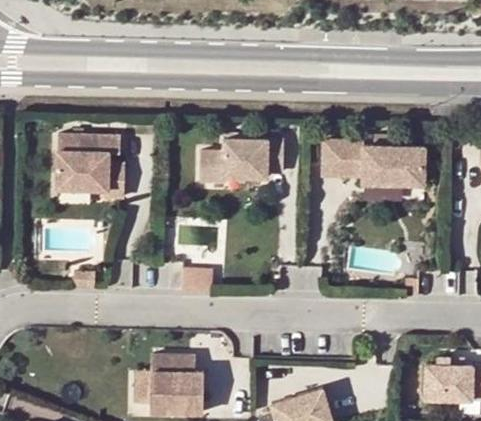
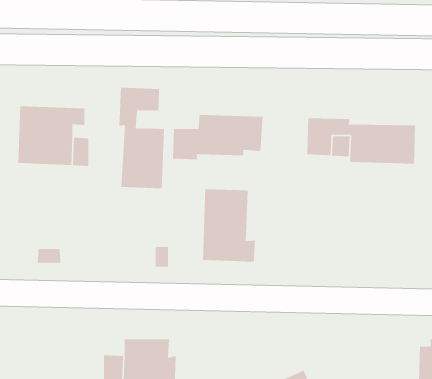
building: none -> [118,87,165,189]
building: none -> [202,188,256,263]

